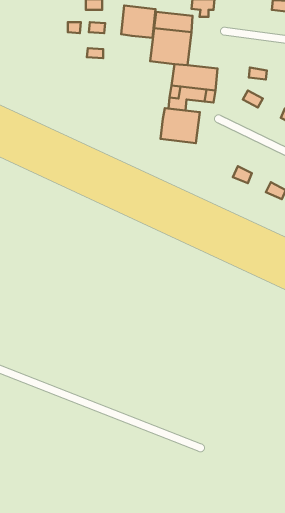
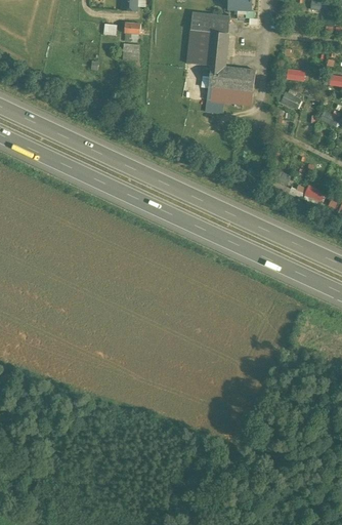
building: [121,6,155,38] -> none
building: [161,108,200,143] -> none

